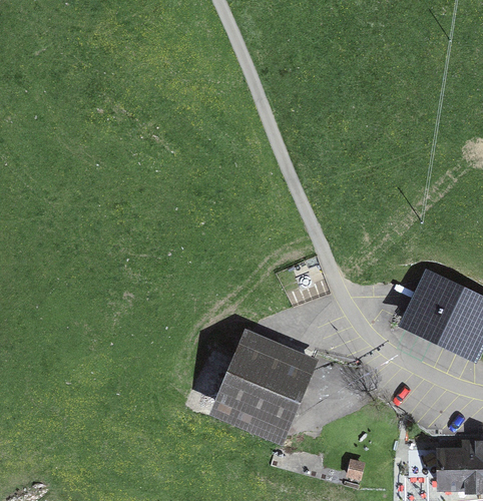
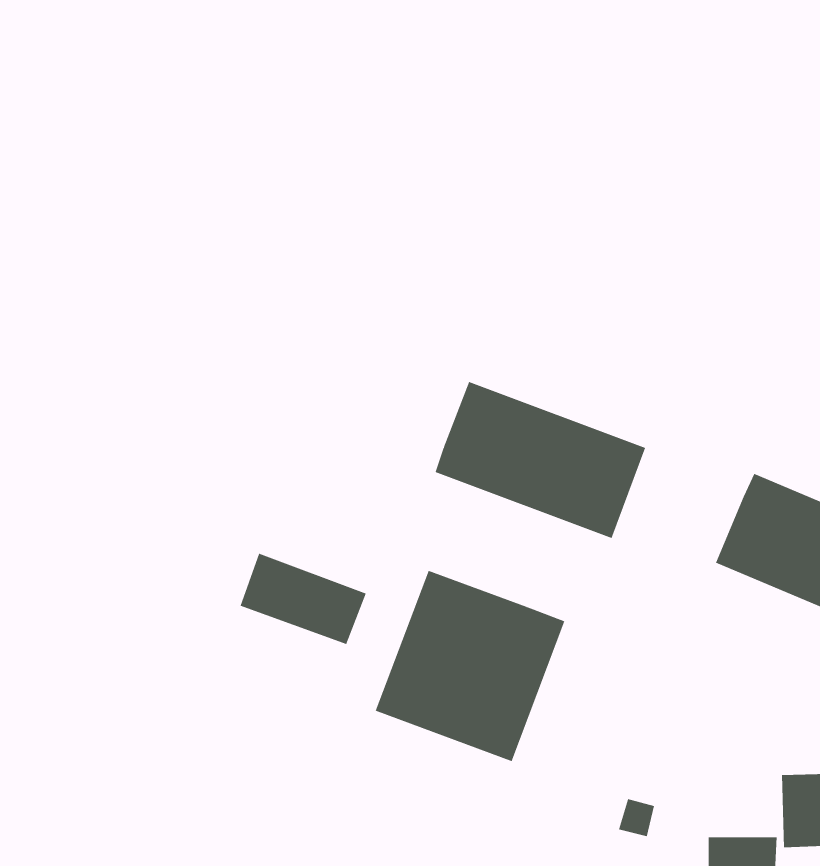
building: none -> [435,381,646,539]
building: none -> [240,553,366,645]

